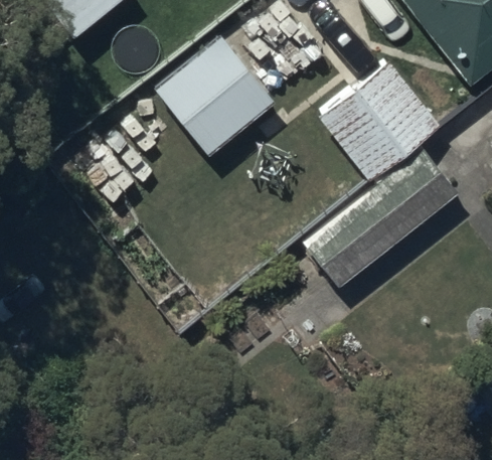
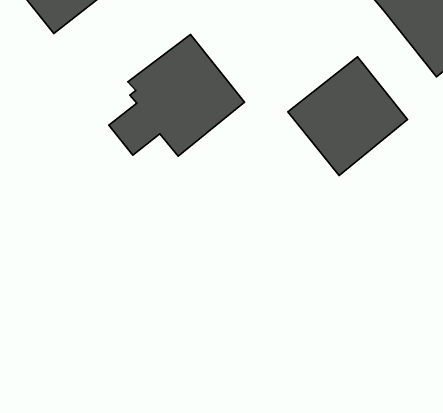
building: [304,146,462,289] -> none

